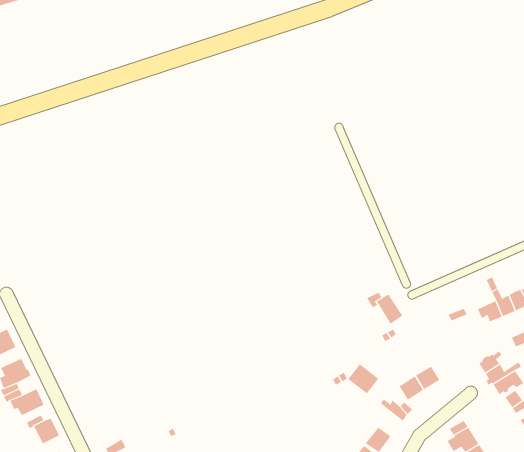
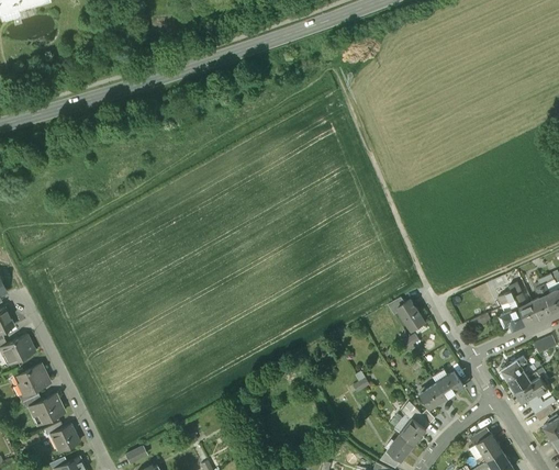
building: [348,364,379,394] -> [393,413,425,444]

